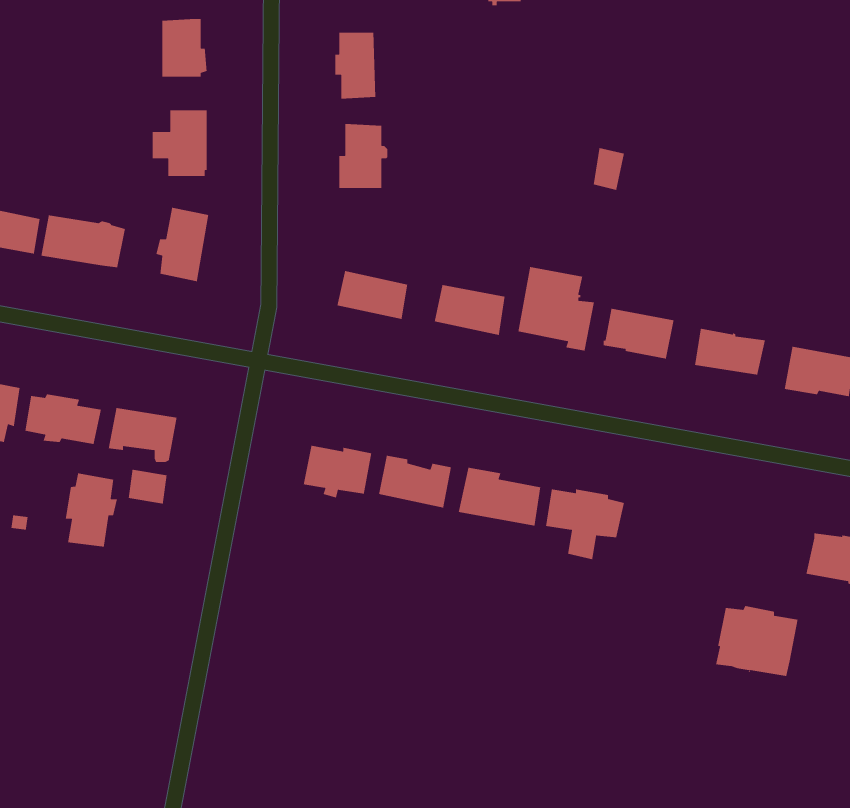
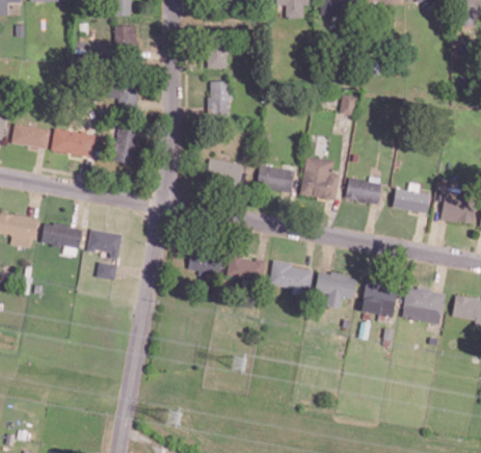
building: [65,473,118,547] -> none
building: none -> [359,279,399,317]
building: [715,605,799,677] -> [401,287,445,324]

